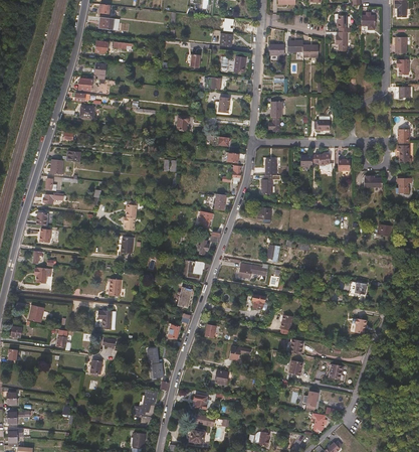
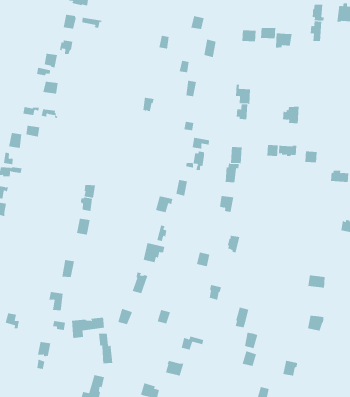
building: none -> [71,317,105,339]

